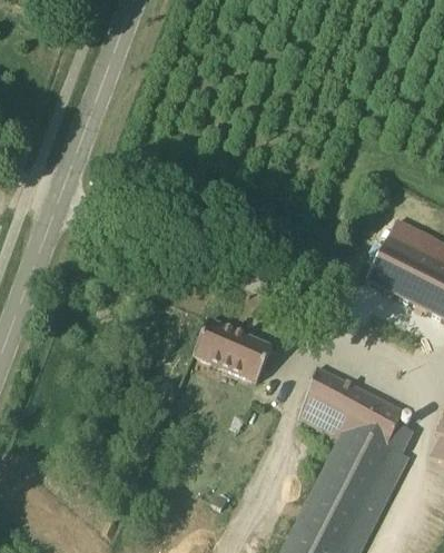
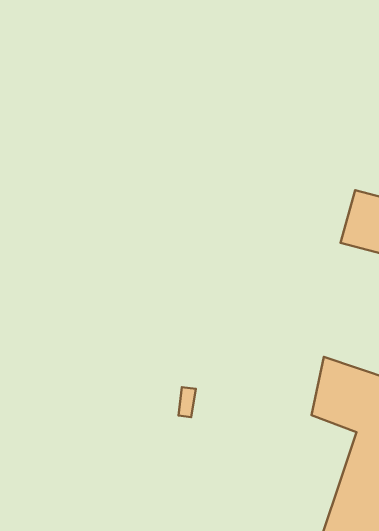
building: [195,319,274,383] -> none

